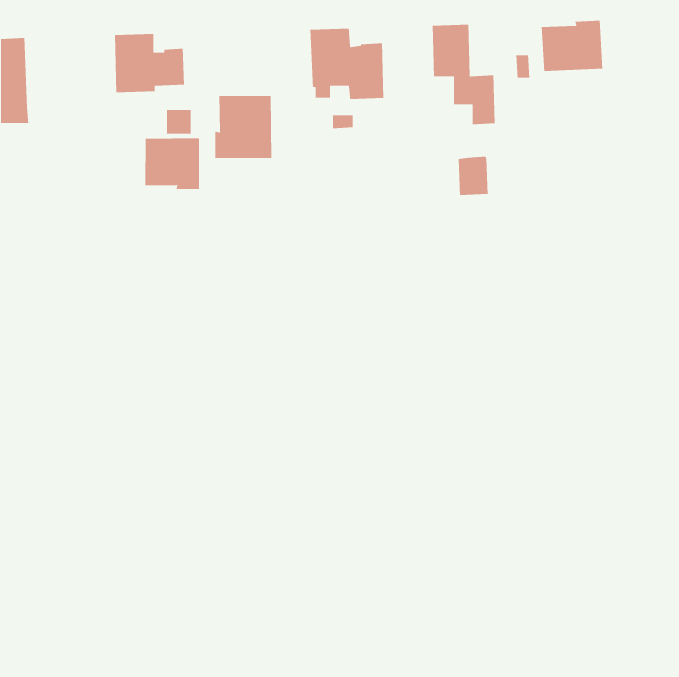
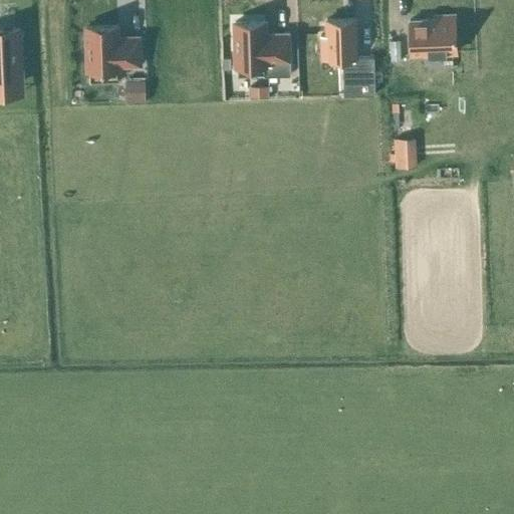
building: [214,95,272,159] -> none
building: [144,138,200,190] -> none
building: [458,156,489,196] -> [394,139,417,169]

